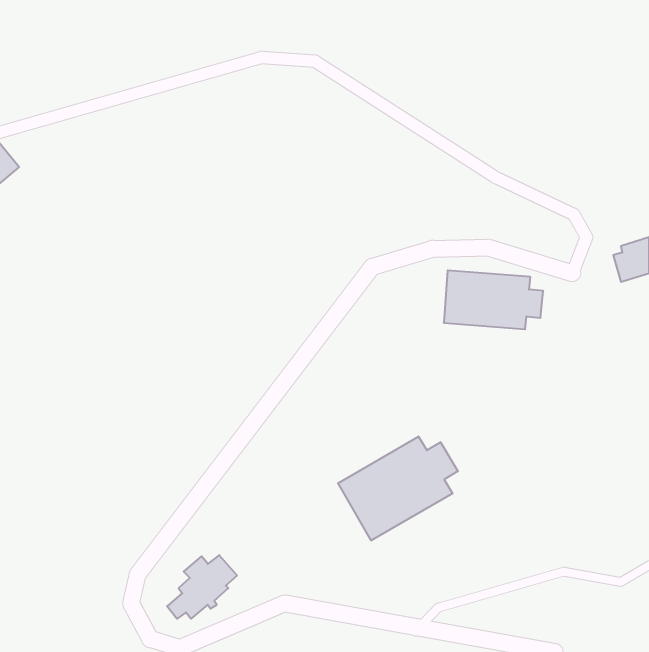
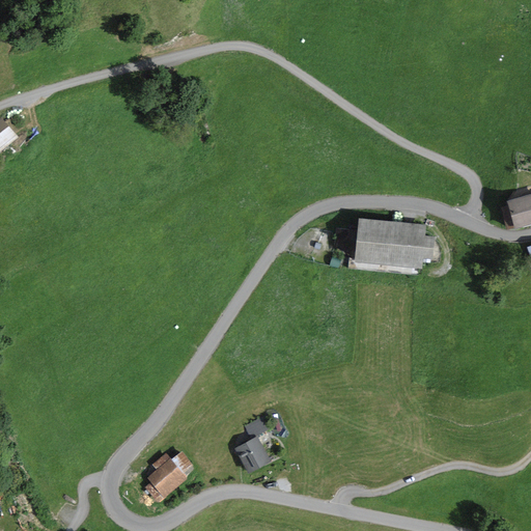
building: [338,436,458,541] -> none
building: none -> [232,415,270,474]

